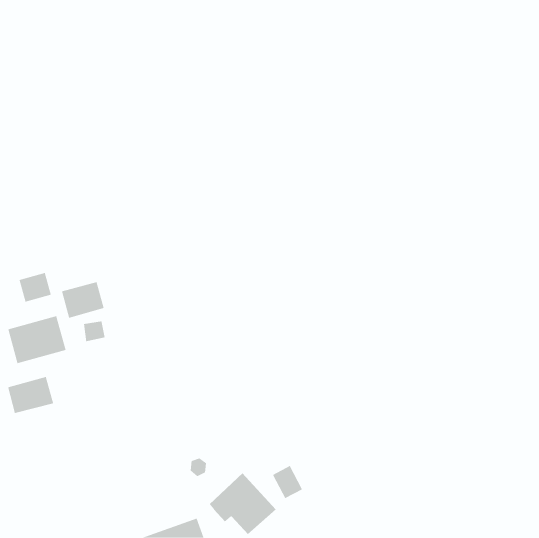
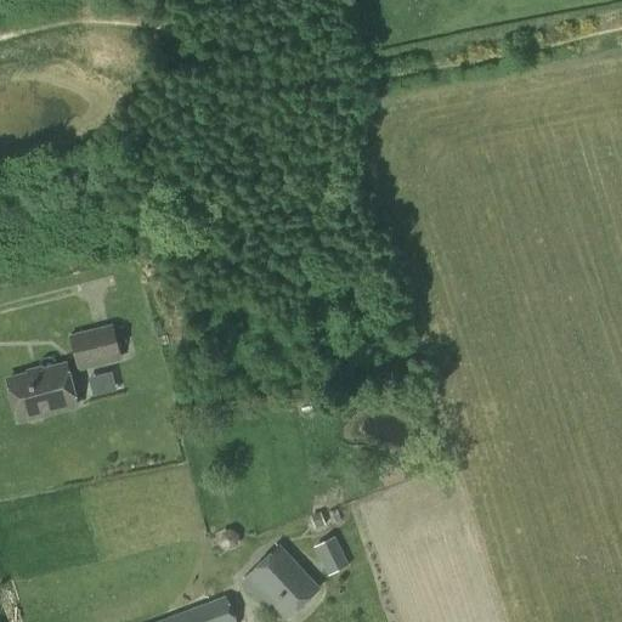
building: [19,272,52,302] -> none
building: [7,376,54,414] -> none

